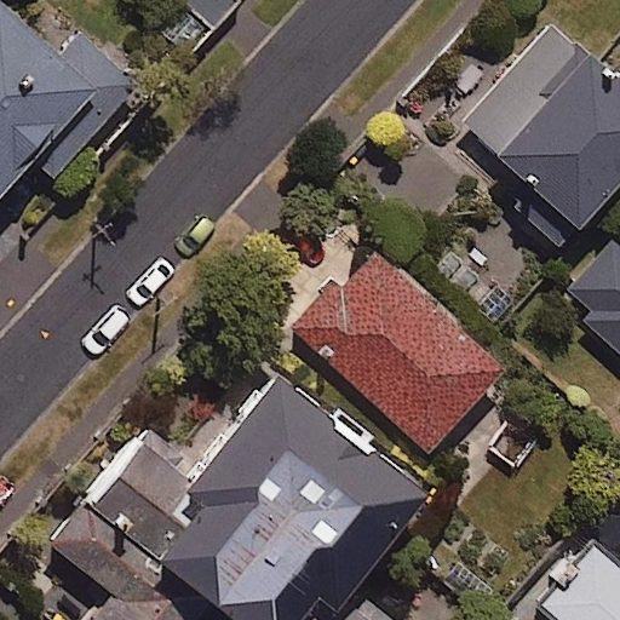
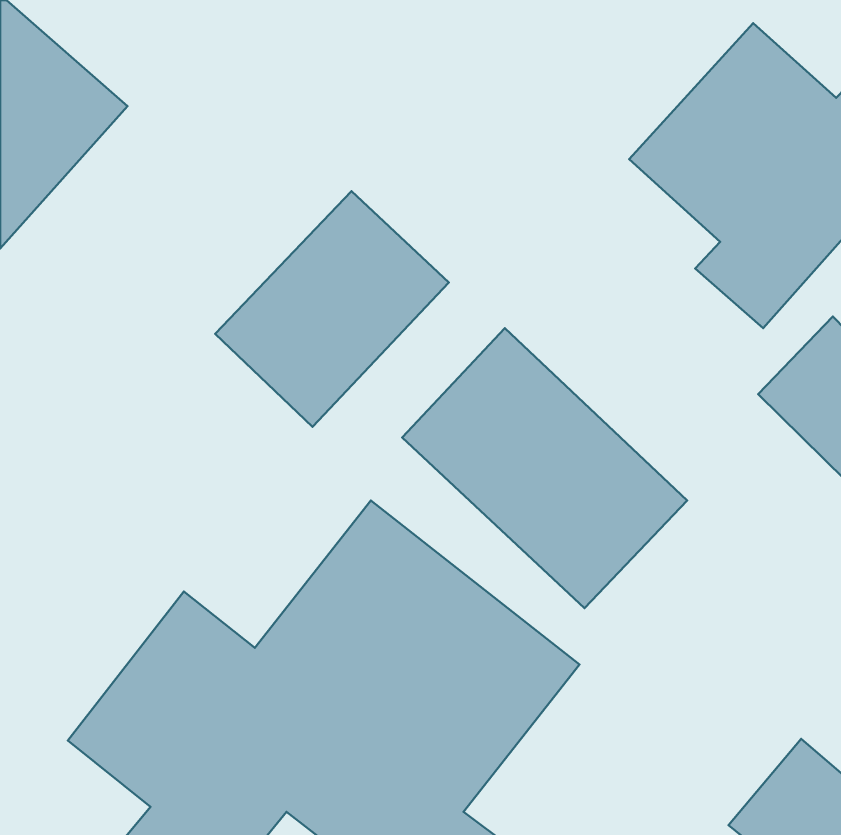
building: none -> [215,191,449,427]

